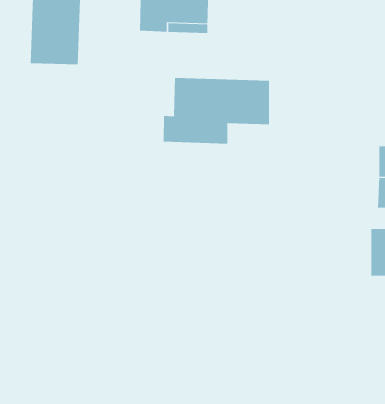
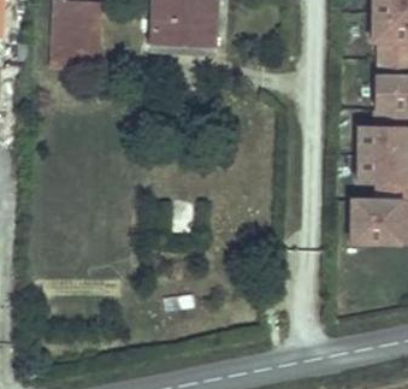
building: [163,77,270,144] -> none

